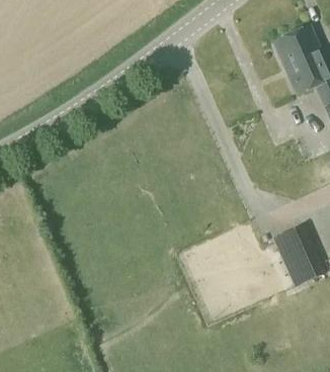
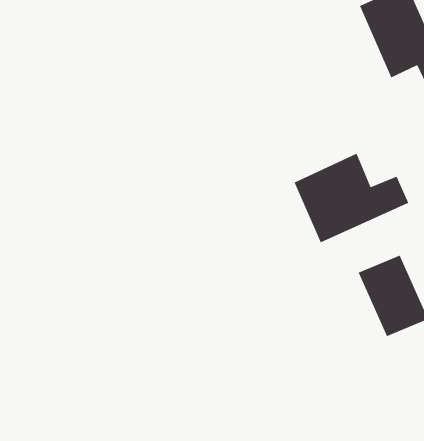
building: none -> [294,153,409,243]

